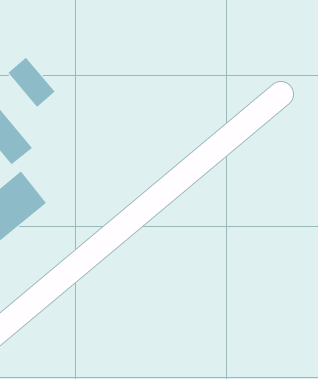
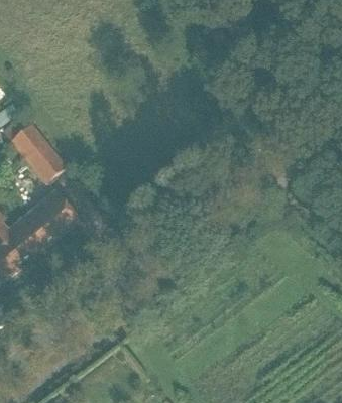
building: [8,57,55,108] -> none

